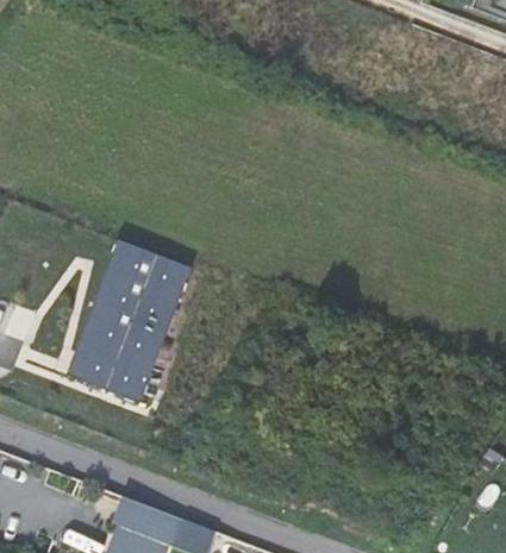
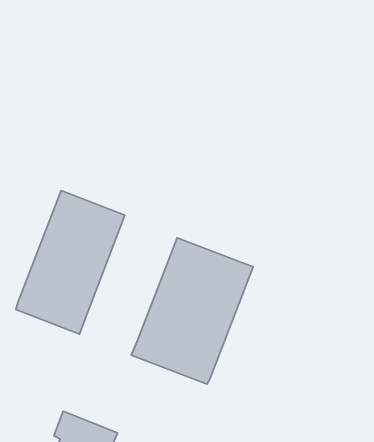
building: none -> [131,238,253,384]

